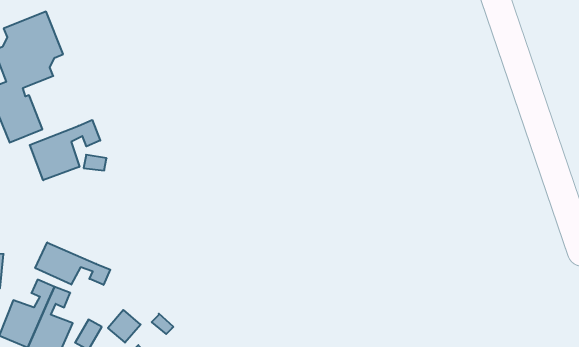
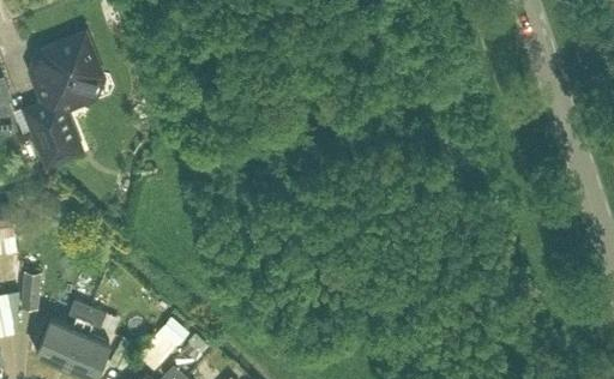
building: [30,120,100,180] -> none
building: [35,242,110,285] -> none

